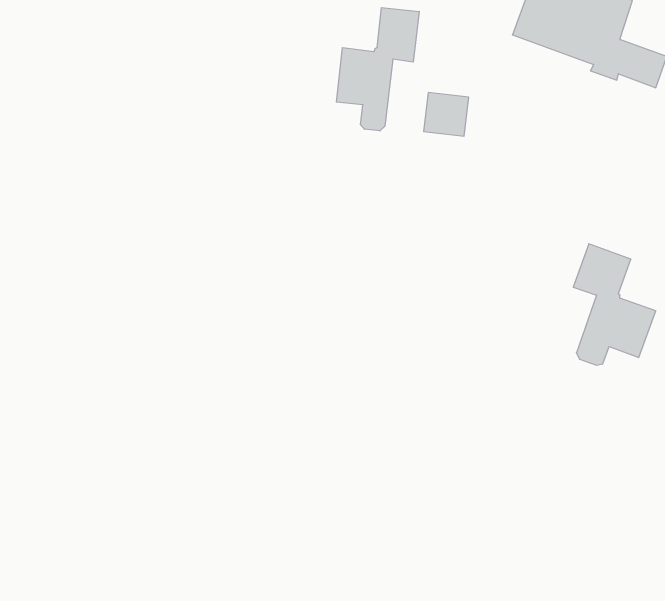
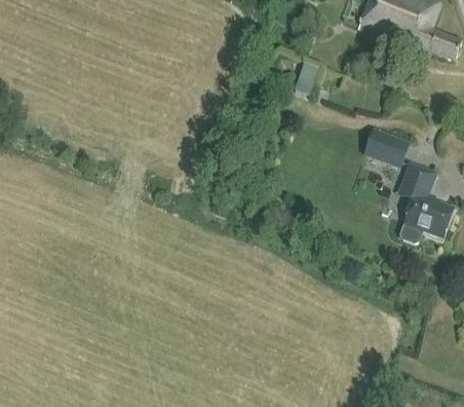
building: [336,8,419,131] -> none
building: none -> [361,127,409,168]

